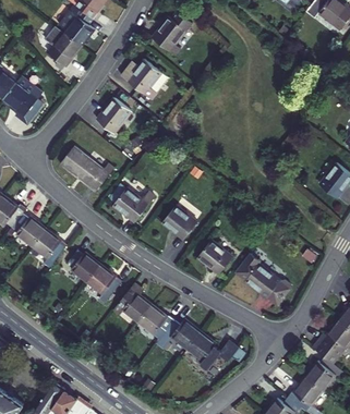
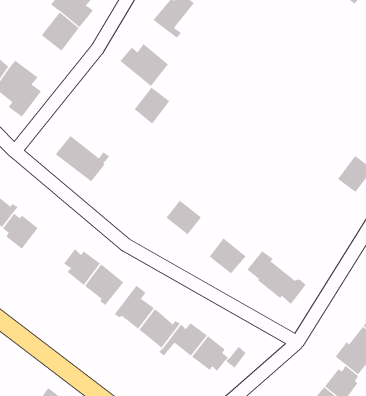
building: [94,99,128,134] -> [134,87,170,125]
building: [116,190,157,223] -> none
building: [28,231,65,271] -> none

